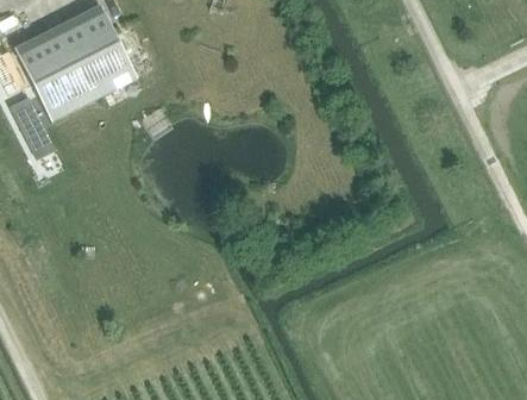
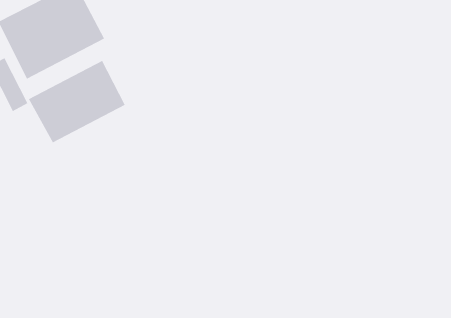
building: none -> [28,60,126,144]

